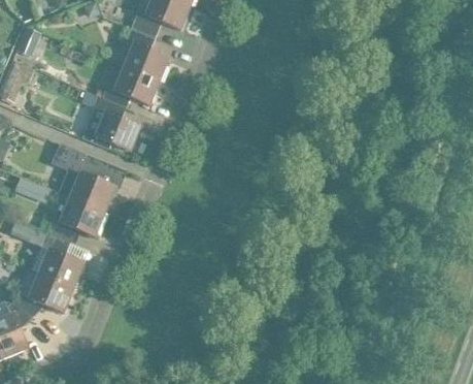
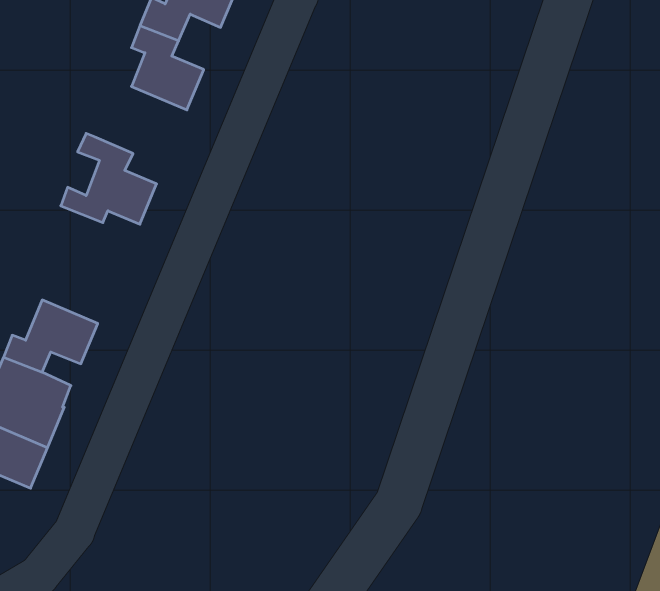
building: [102,66,159,107] -> none
building: [52,143,126,212] -> none

